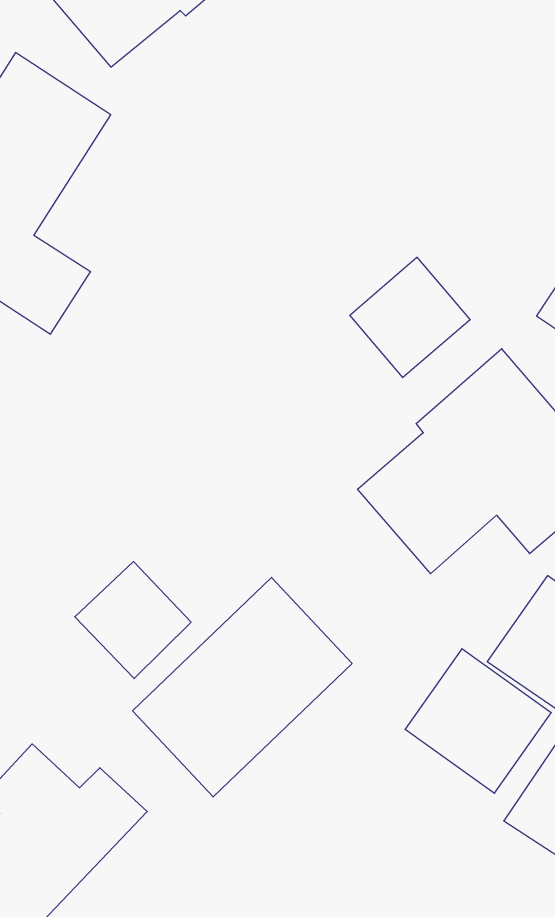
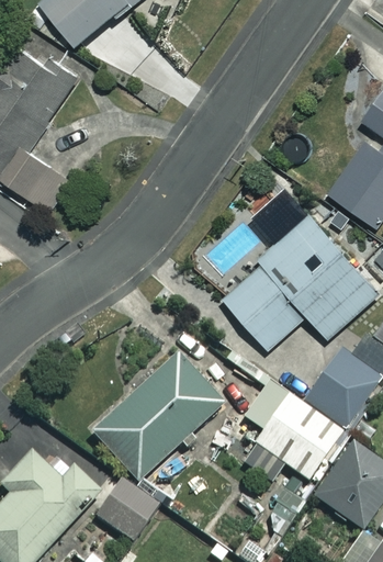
building: [350,257,470,378] -> none
building: [75,562,191,679] -> none
building: none -> [95,480,157,540]

